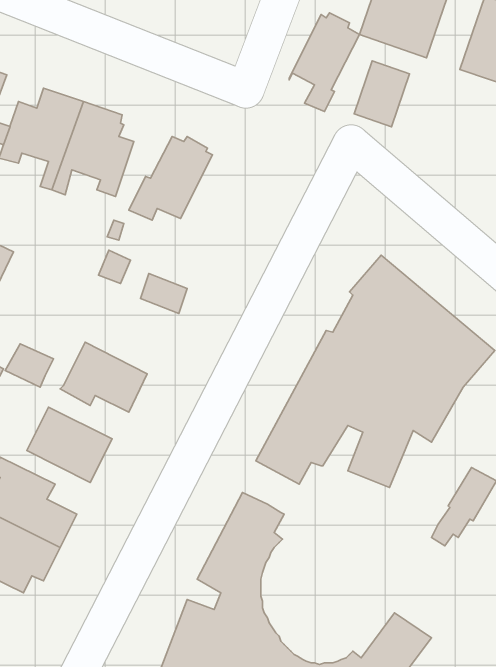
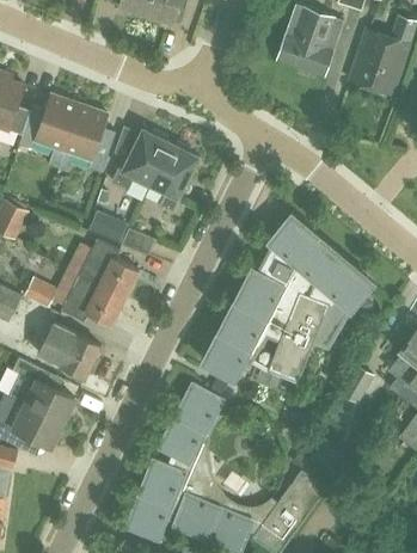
building: [289,13,360,111] -> [149,142,200,213]
building: [354,61,410,127] -> none
building: none -> [81,241,140,300]

